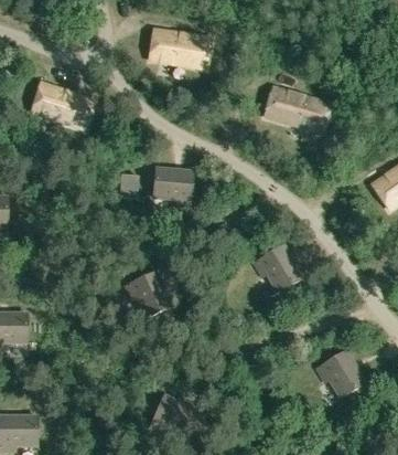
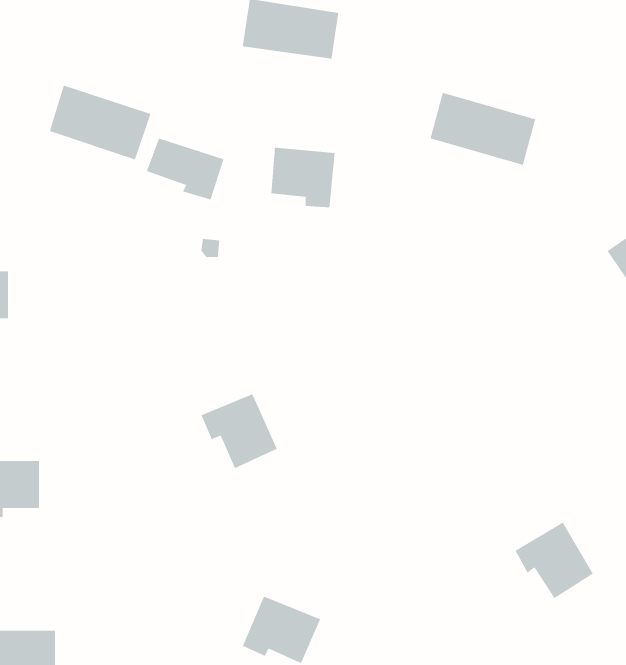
building: none -> [146,138,225,201]
building: [152,168,192,205] -> [271,147,336,208]
building: [252,245,301,292] -> none

